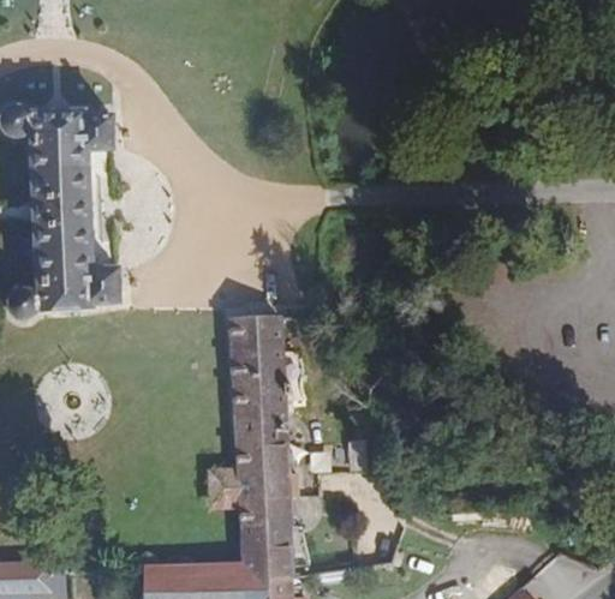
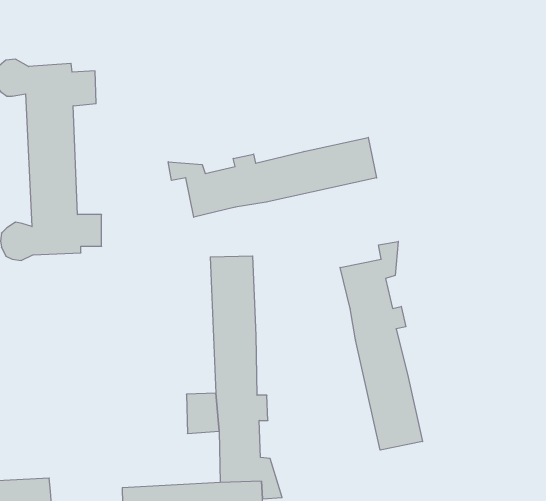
building: none -> [168,137,377,217]
building: none -> [340,241,423,450]

